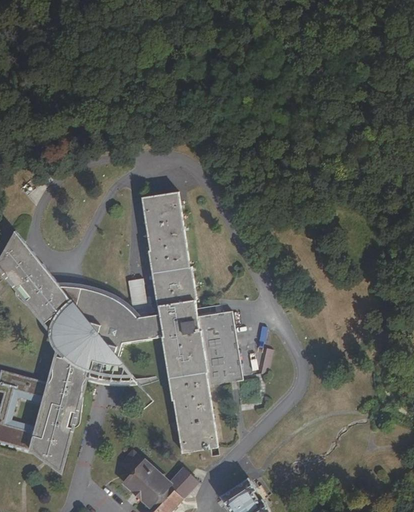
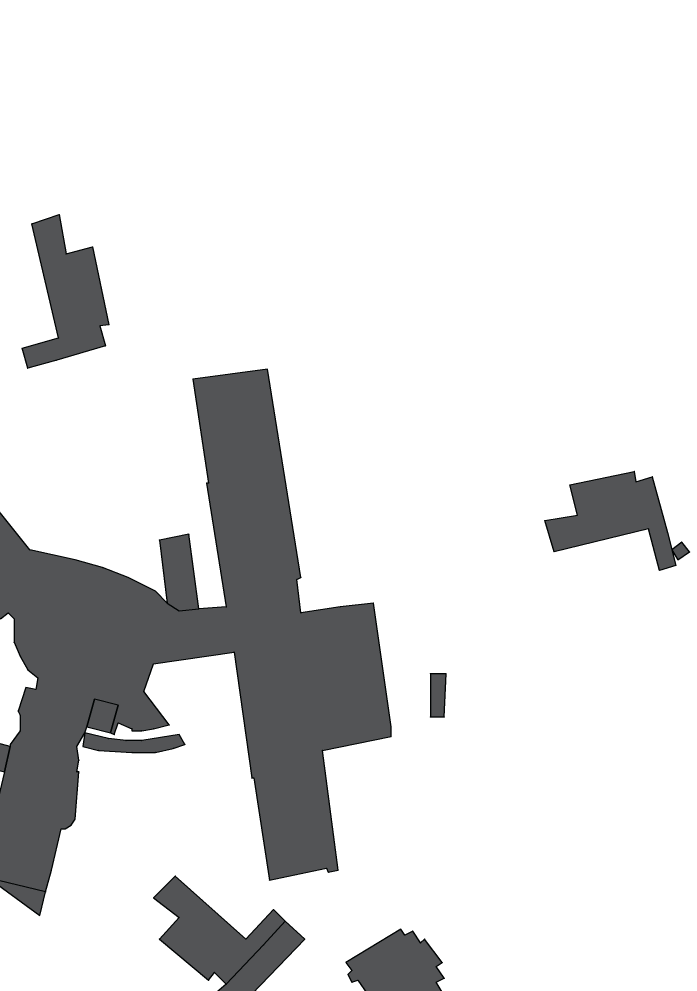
building: none -> [22,215,109,368]
building: none -> [545,471,676,570]

